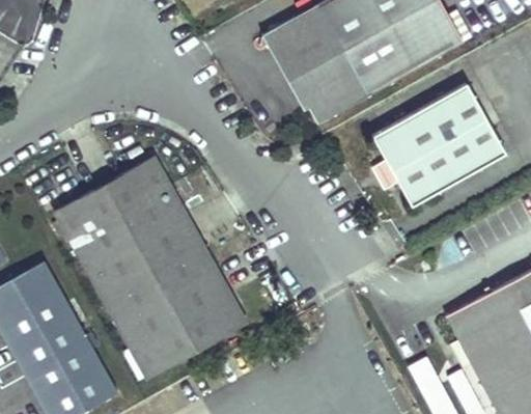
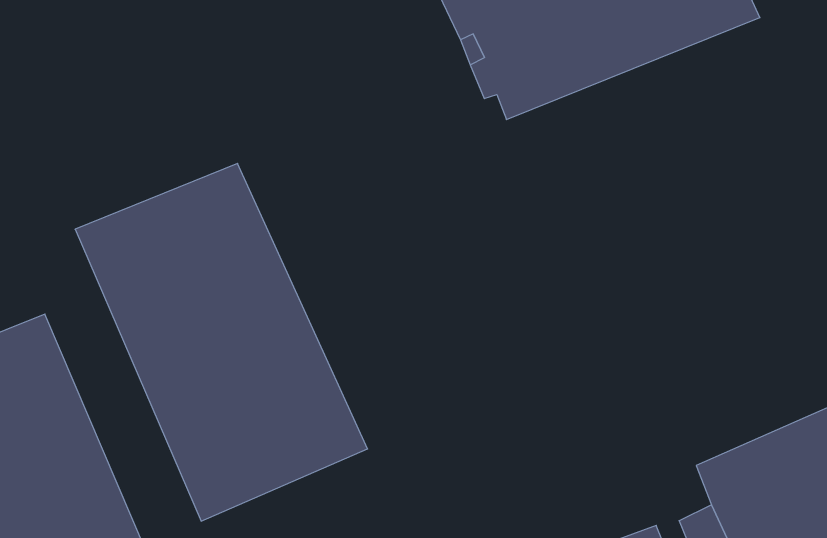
building: [371,80,505,204] -> none

